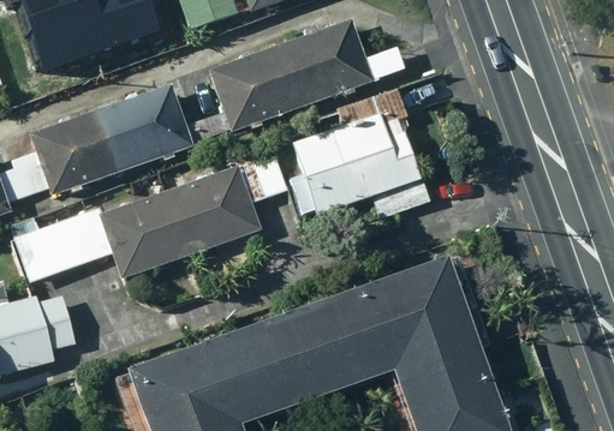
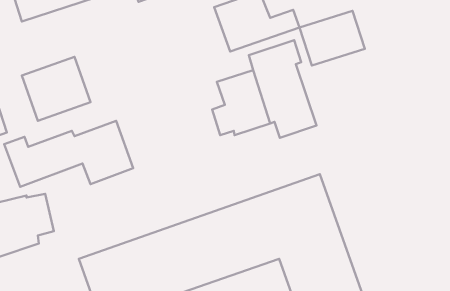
building: [211,38,314,126] -> none
building: none -> [300,11,365,66]
building: [103,80,196,167] -> none
building: [160,143,287,256] -> none

